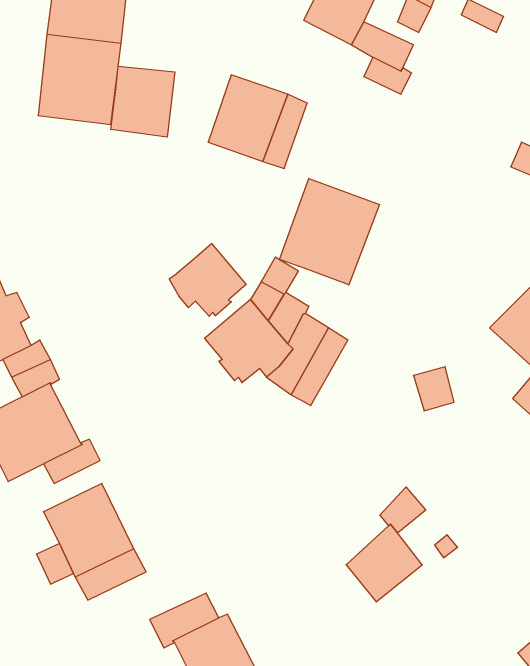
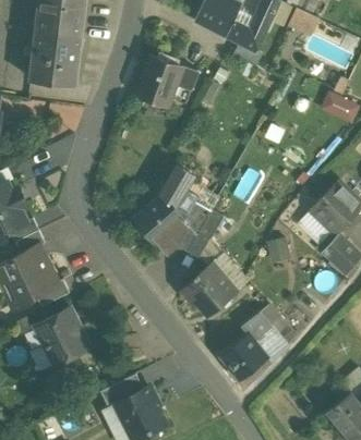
building: [111,66,175,137] -> none
building: [280,178,379,285] -> none
building: [169,244,246,316] -> none
building: none -> [179,260,236,315]

